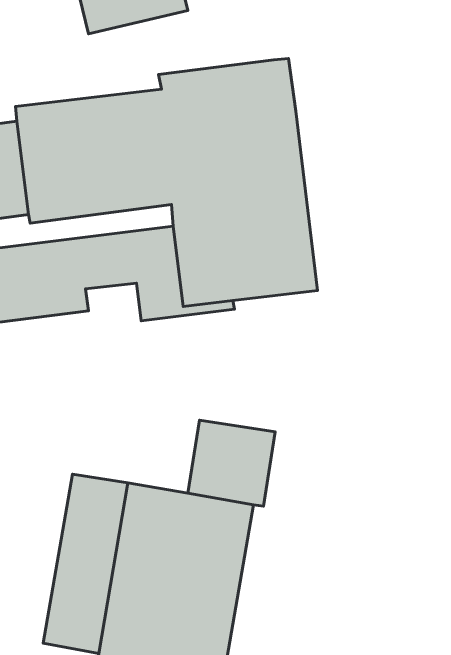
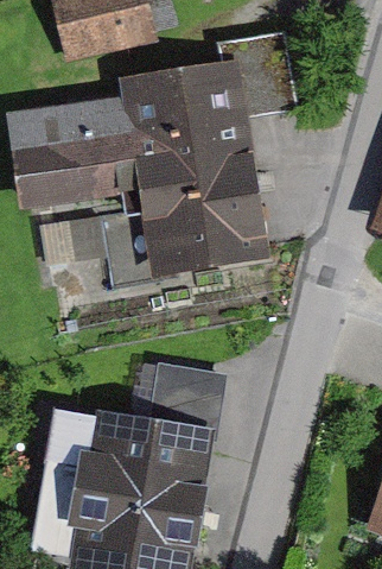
building: none -> [223,32,303,115]

